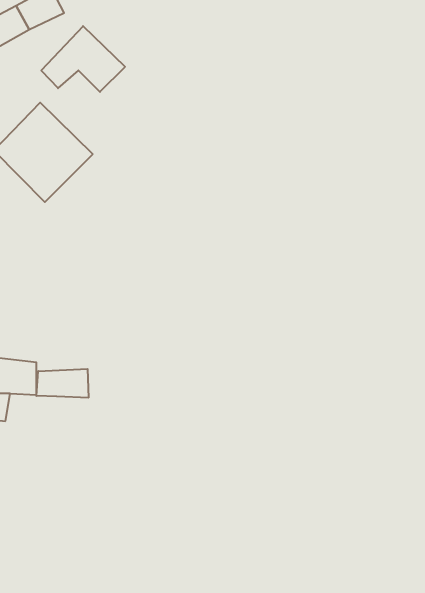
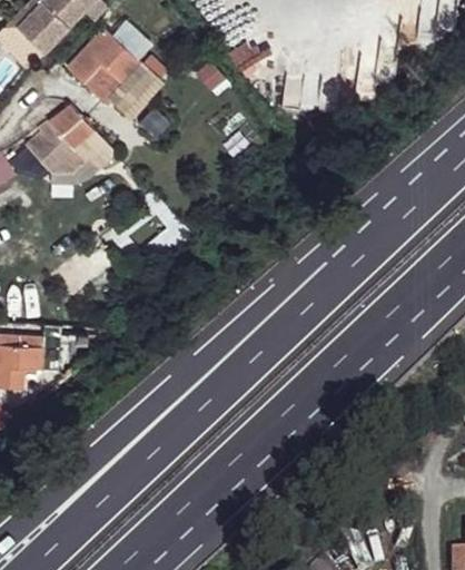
building: none -> [113,66,164,114]
building: [36,369,88,398] -> none

